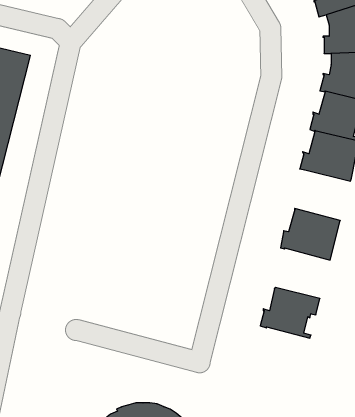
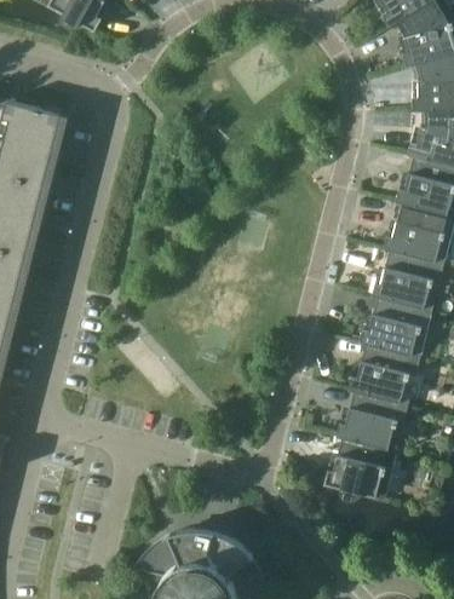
building: none -> [372,250,444,311]
building: none -> [349,344,420,404]
building: none -> [324,438,396,499]

